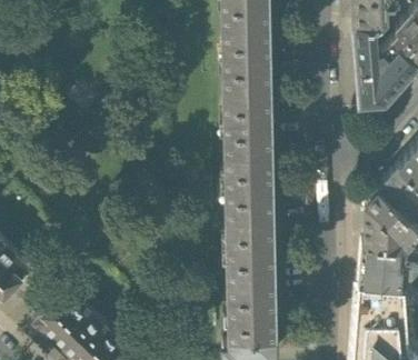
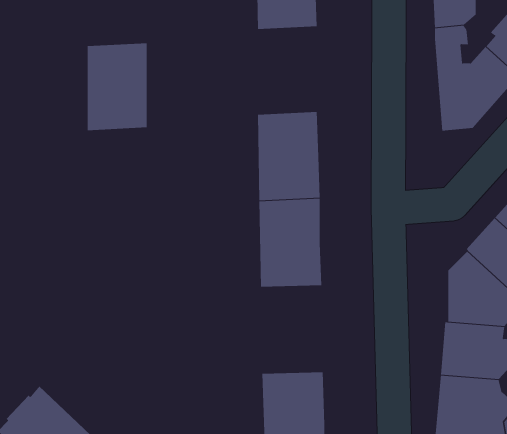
building: [225,28,269,92] -> [87,43,147,131]
building: [227,218,273,282] -> none

